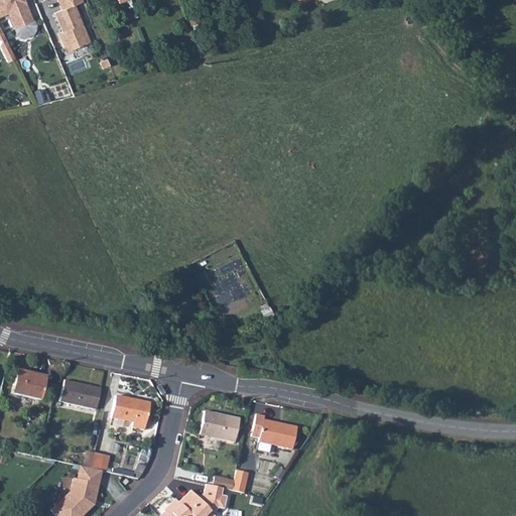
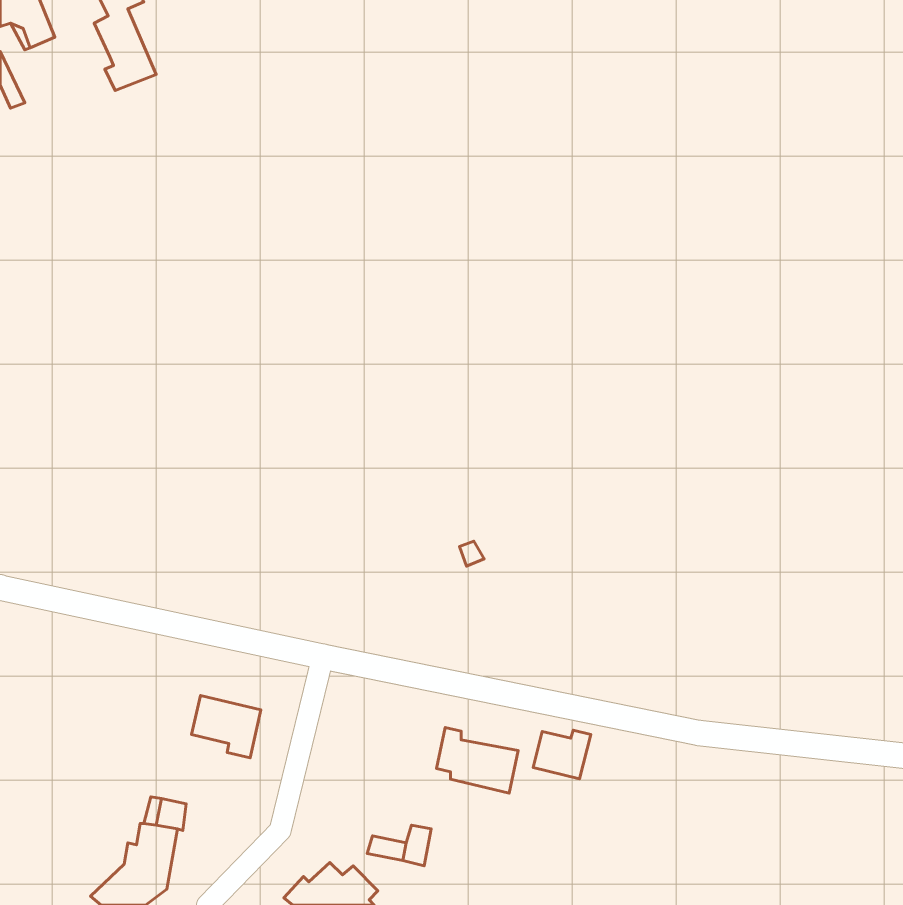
building: [12,370,47,400] -> none
building: [60,381,101,409] -> none
building: [199,410,239,441] -> none
building: none -> [533,730,591,779]

